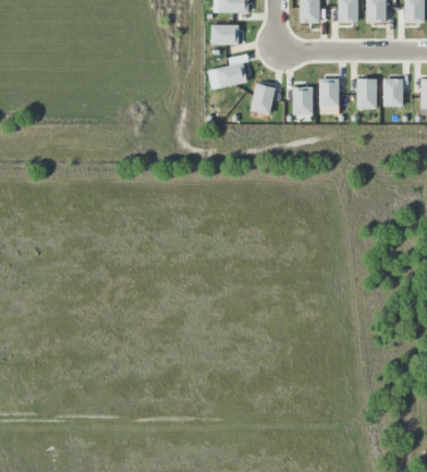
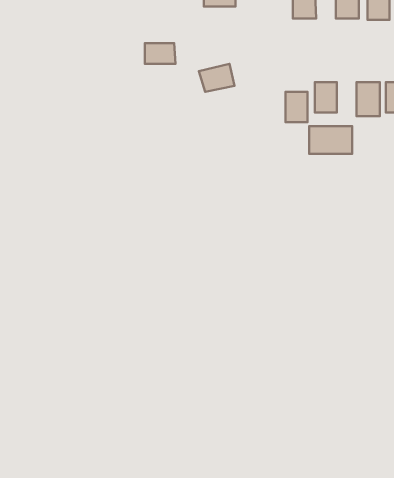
building: [211,25,239,44] -> [145,43,175,64]
building: [251,83,276,114] -> none
building: none -> [309,126,352,154]

